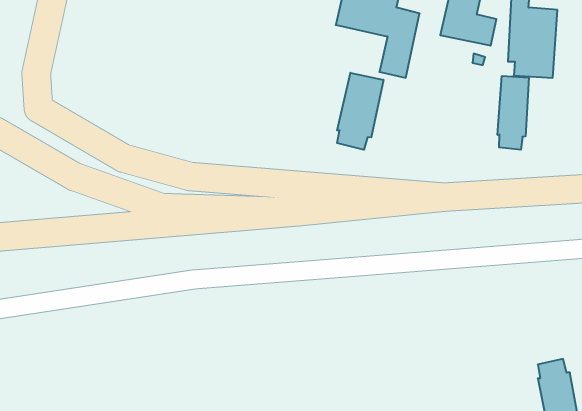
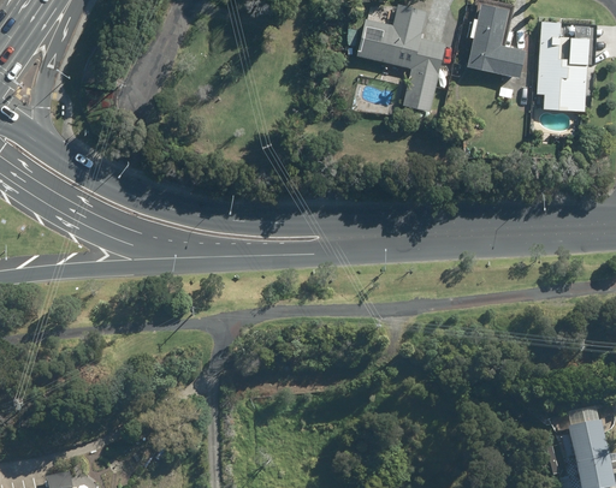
building: [337,73,383,150] -> none
building: [498,76,529,150] -> none

